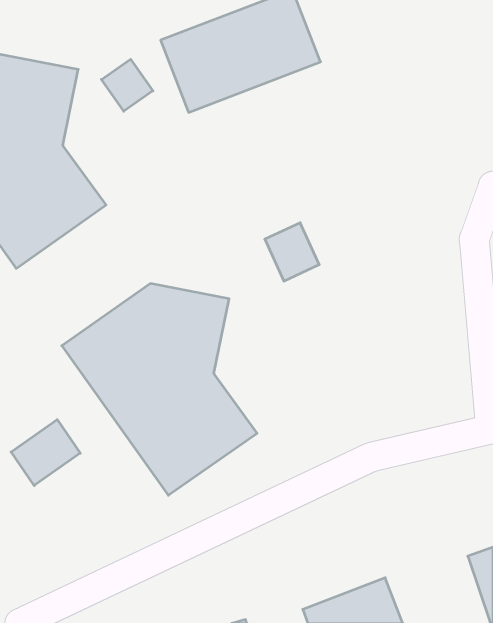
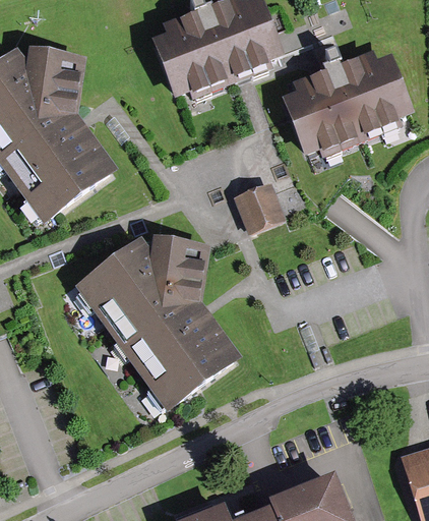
building: [101,59,153,111] -> none
building: none -> [281,58,411,158]
building: [11,420,80,486] -> none

